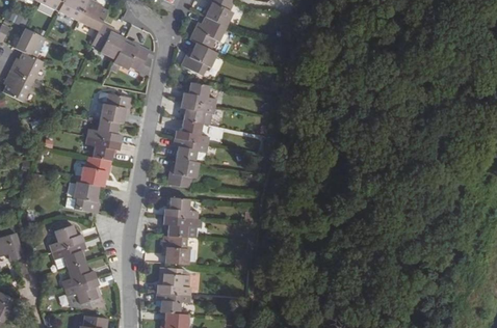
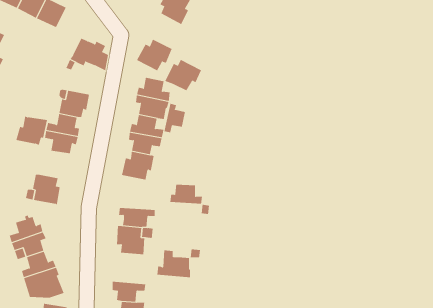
building: [188,16,227,49] -> [164,59,202,91]
building: [91,22,125,58] -> none
building: none -> [164,103,186,133]
building: [79,156,112,186] -> [15,116,48,145]
building: [162,196,197,217] -> [170,184,203,204]
building: [155,265,190,294] -> [156,250,191,278]

